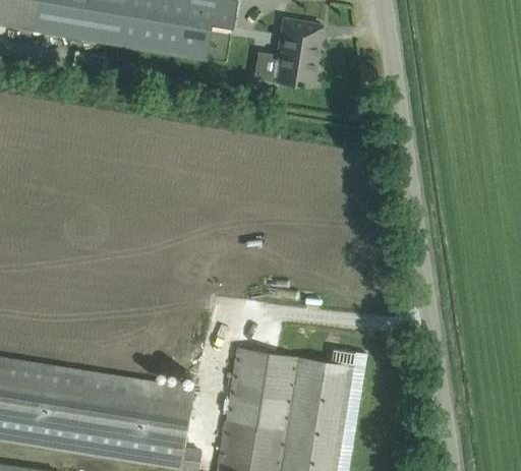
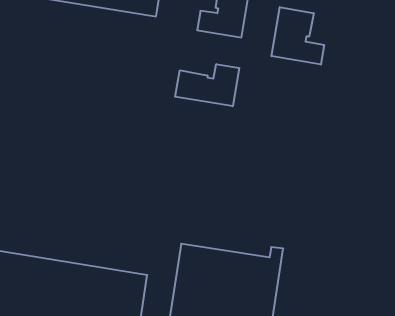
building: none -> [272,7,324,65]
building: none -> [175,64,239,106]

